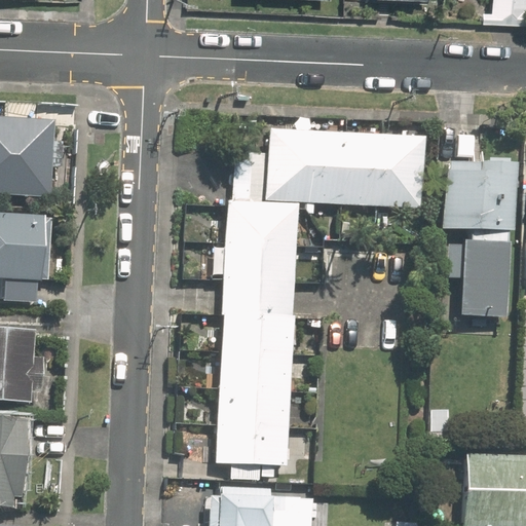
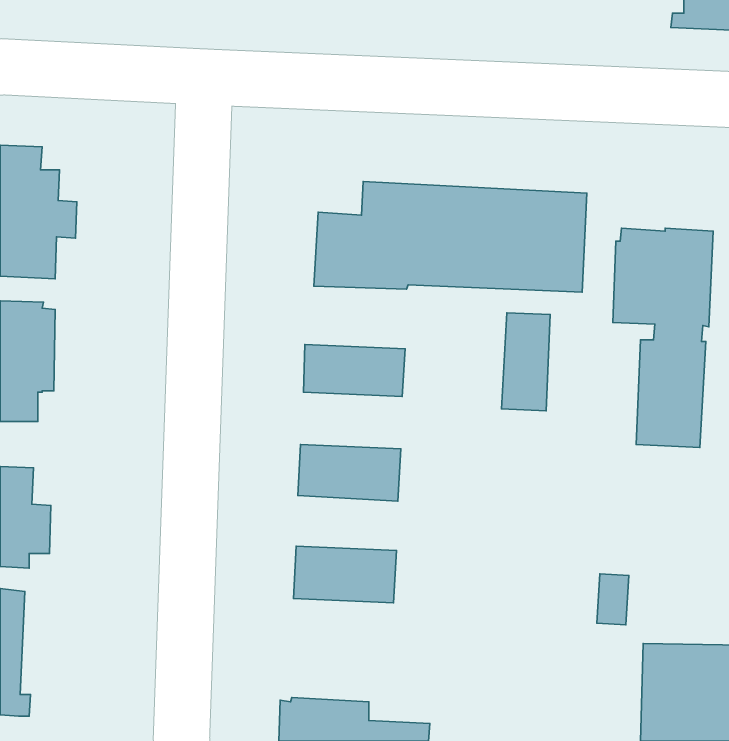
building: [225,201,297,247] -> none
building: none -> [502,313,550,411]
building: [222,277,294,317] -> none
building: [219,350,291,389] -> none
building: [216,423,288,475] -> none

